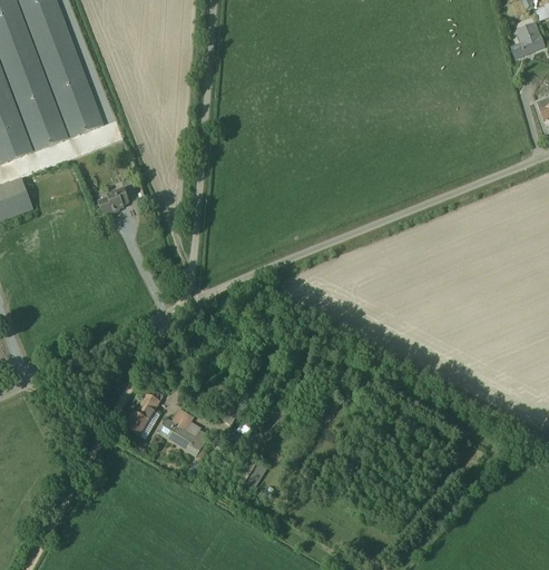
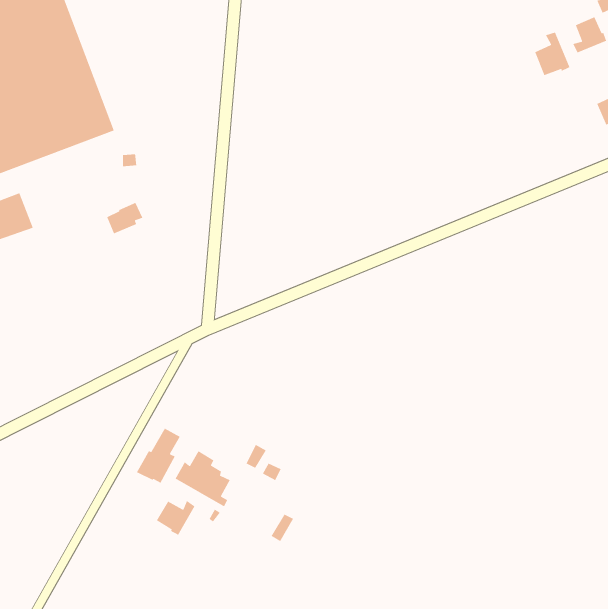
building: none -> [534,32,571,76]
building: none -> [156,500,196,536]

